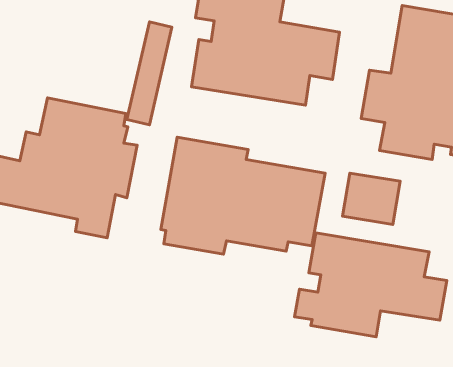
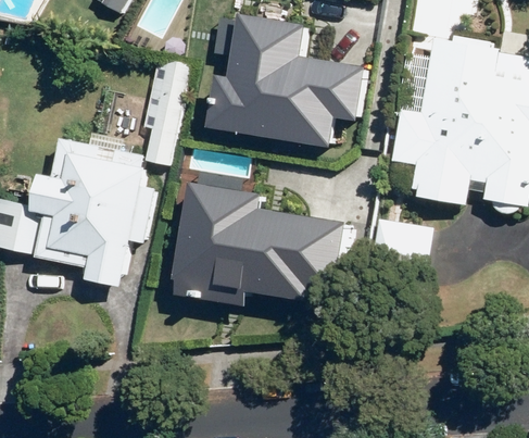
building: [295,233,447,337] -> none

